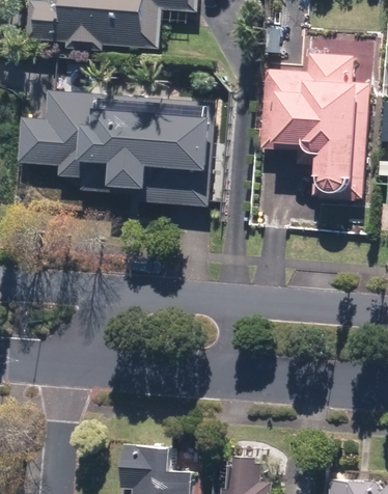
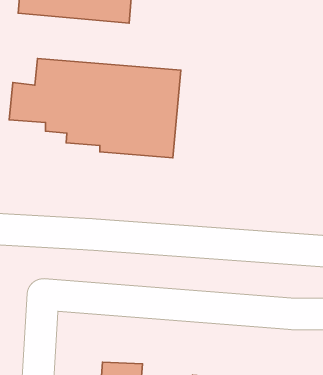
building: [259,54,367,199] -> none

